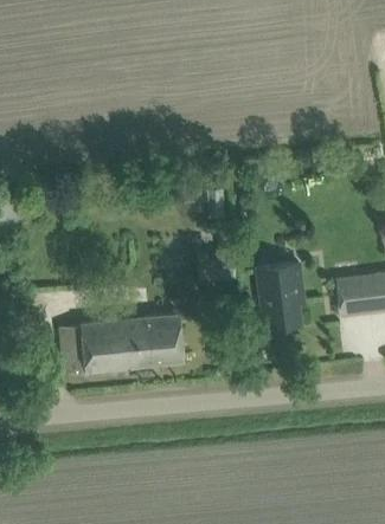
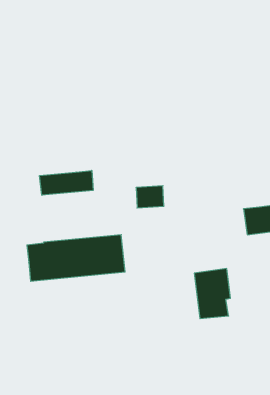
building: none -> [40,170,93,195]
building: [257,264,303,328] -> [194,269,230,319]

